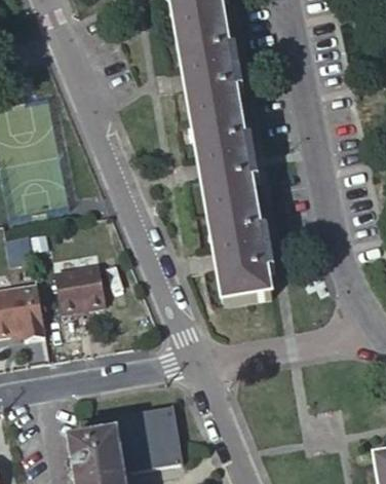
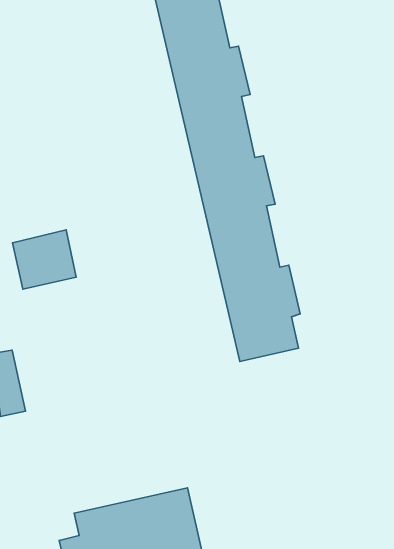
building: [56,266,107,312] -> [13,230,76,289]

